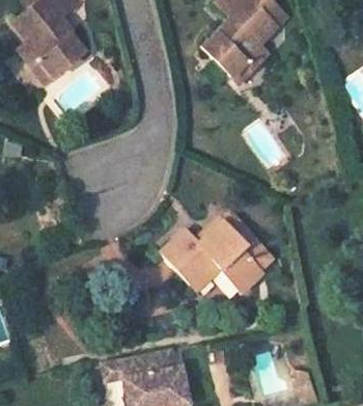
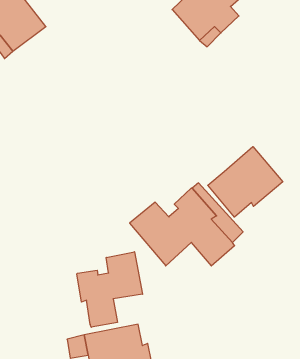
building: none -> [208,147,283,217]
building: none -> [77,252,143,327]

